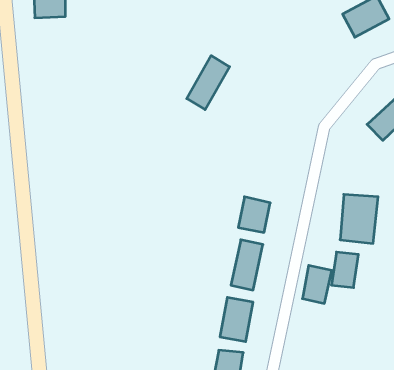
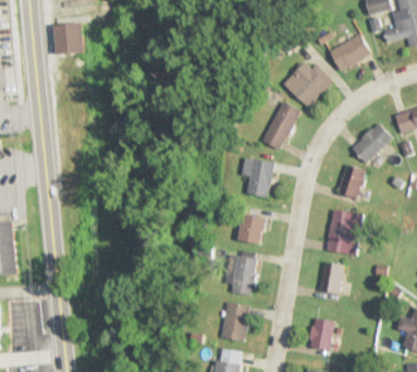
building: none -> [283,59,331,107]
building: [187,56,230,110] -> [261,101,299,149]
building: none -> [241,158,273,197]
building: none -> [336,164,364,197]
building: [302,265,332,303] -> [308,317,334,351]

